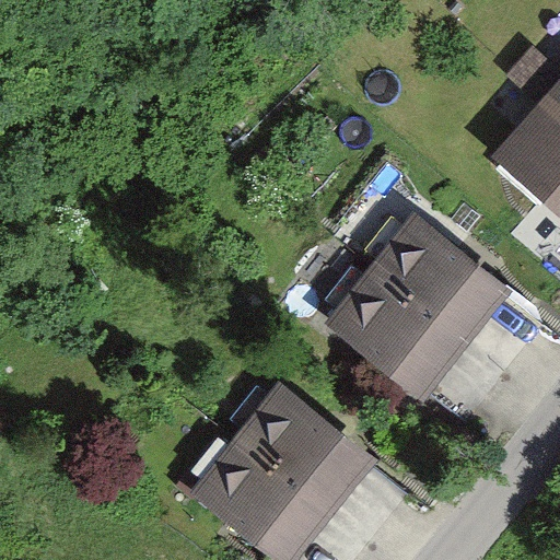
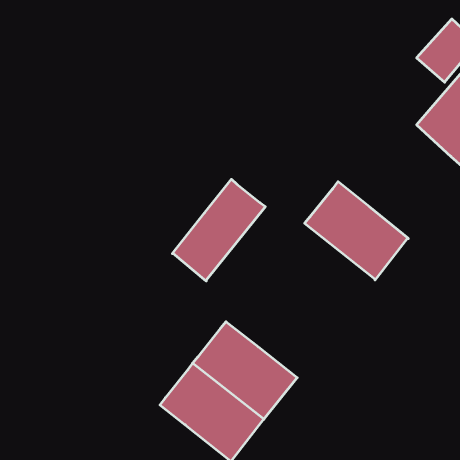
building: none -> [172,179,265,281]
building: [330,272,456,392] -> none

